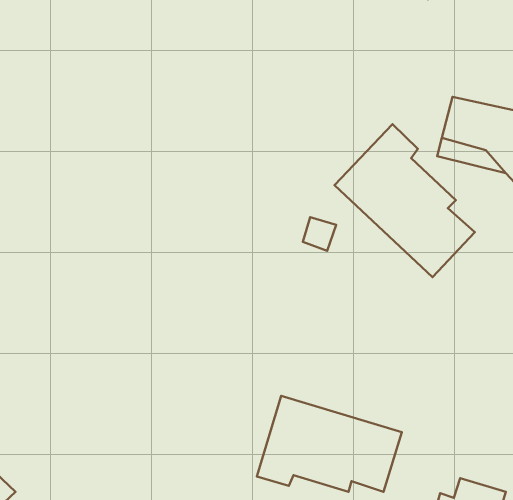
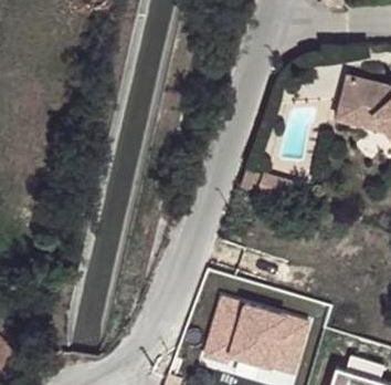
building: [335,124,475,277] -> none

